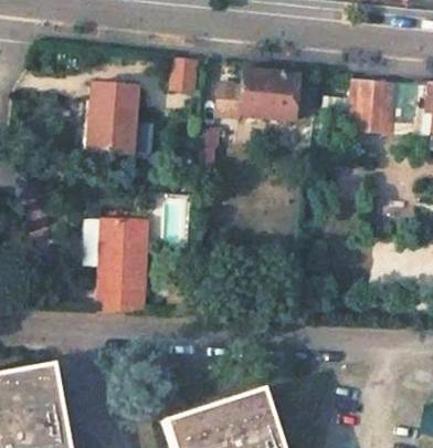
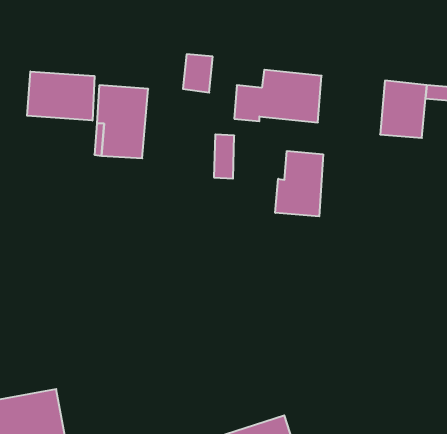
building: none -> [27,71,94,121]
building: none -> [275,151,323,216]
building: [98,219,149,312] -> none

